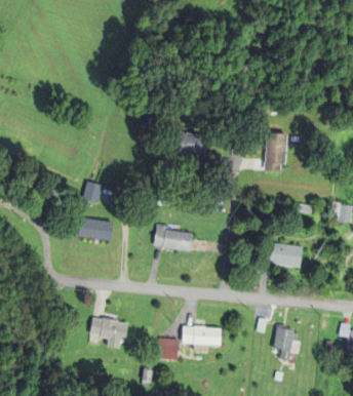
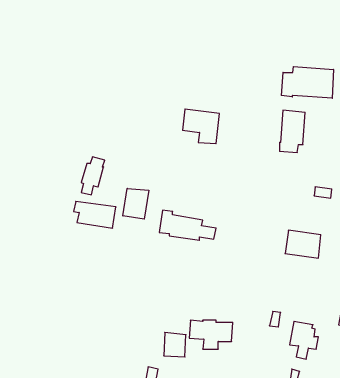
building: none -> [281,67,333,98]
building: none -> [123,188,149,219]
building: [88,318,127,349] -> none

